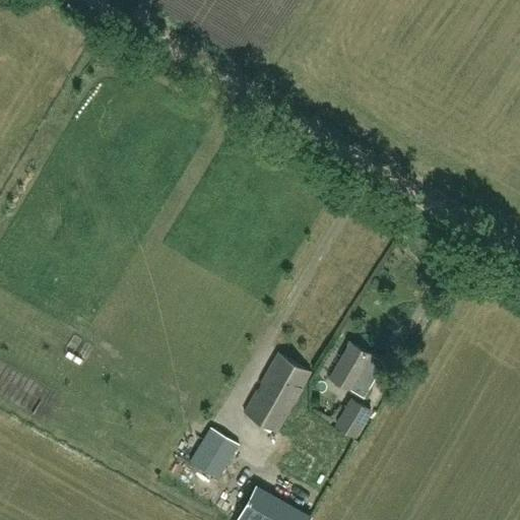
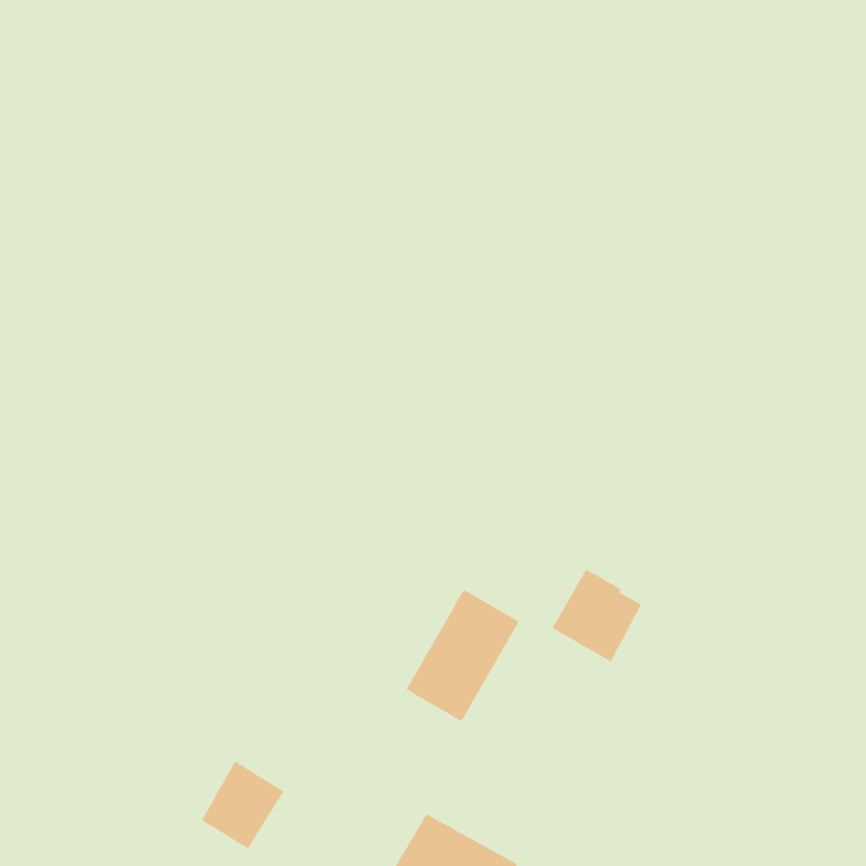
building: [334,400,372,440] -> none
building: [189,427,239,479] -> [201,761,284,849]

